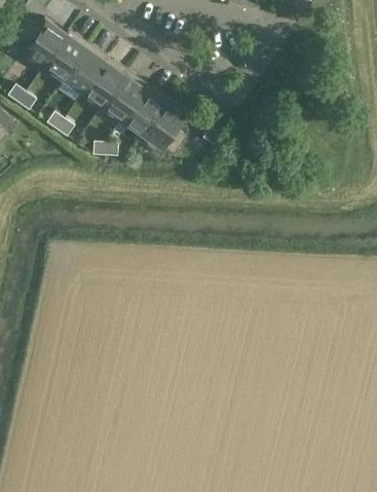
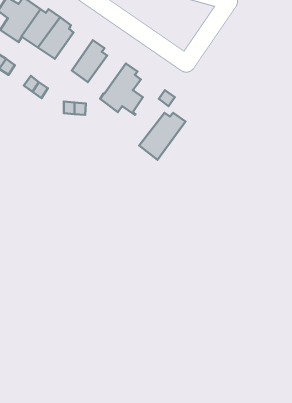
building: [82,61,126,105] -> none
building: [120,87,164,131] -> none
building: none -> [139,113,185,160]

